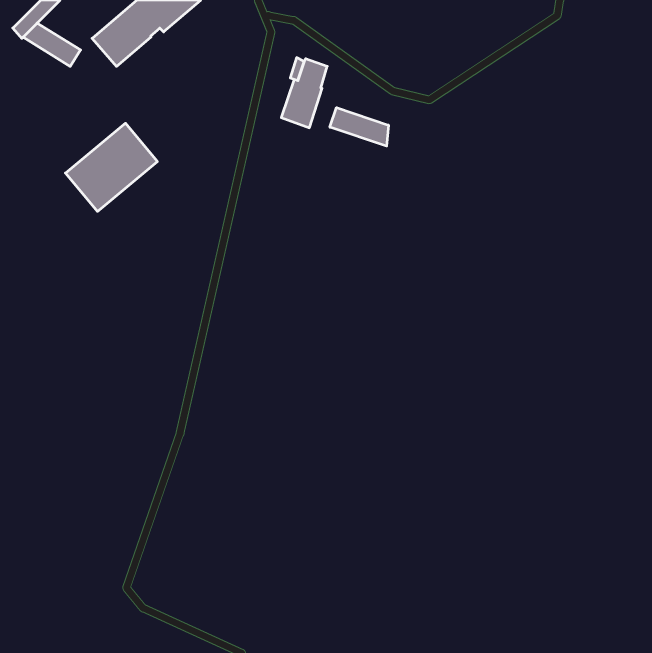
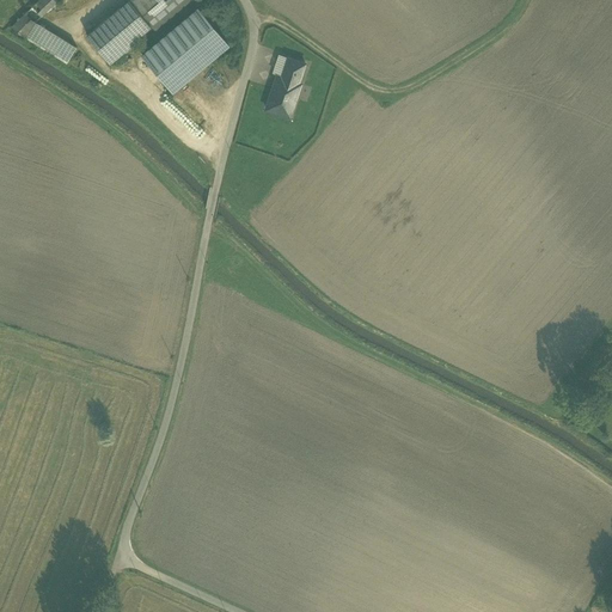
building: [330,108,388,146] -> none
building: [65,123,157,211] -> [141,8,227,91]

